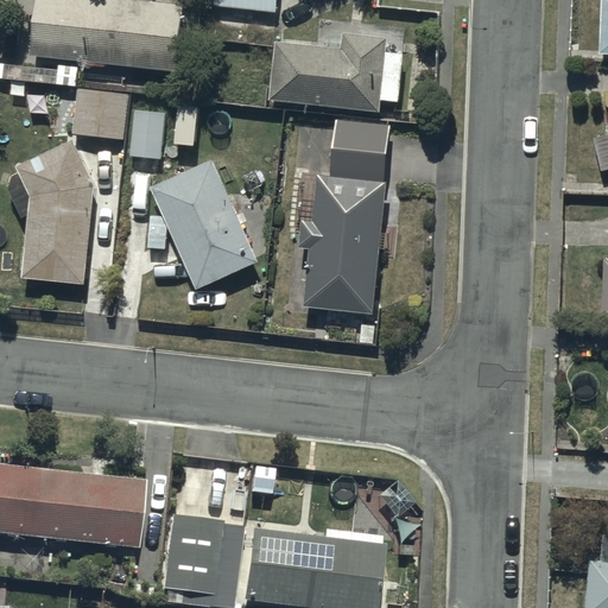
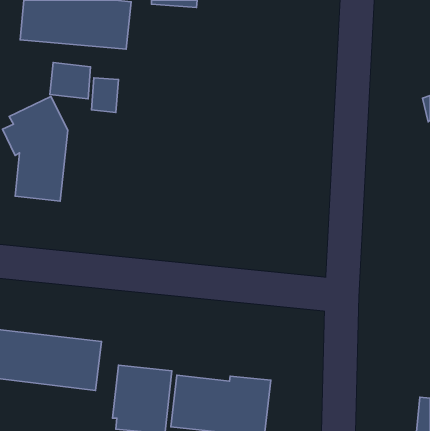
building: [270,34,403,109] -> none
building: [299,121,390,314] -> none
building: [150,159,260,290] -> none

